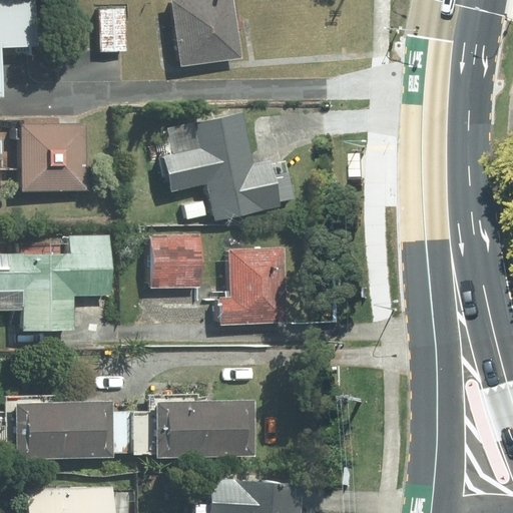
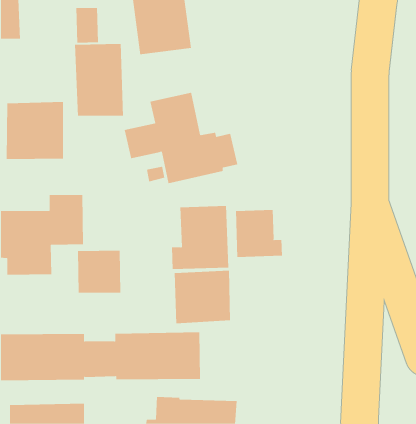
building: none -> [74,43,124,117]
building: [148,234,201,287] -> [77,250,121,293]
building: none -> [236,209,282,258]
building: none -> [174,270,230,324]

